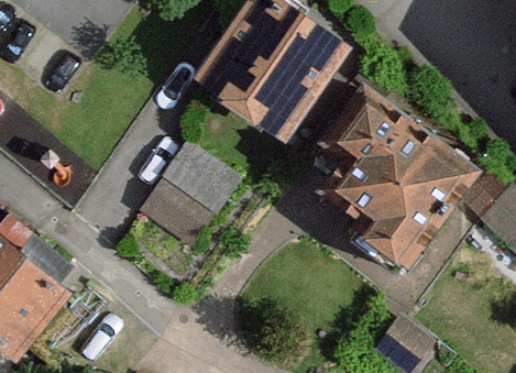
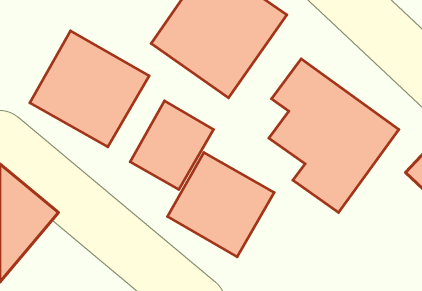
building: none -> [30,31,149,147]
building: none -> [168,153,274,257]

